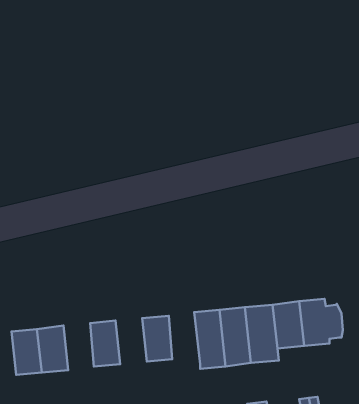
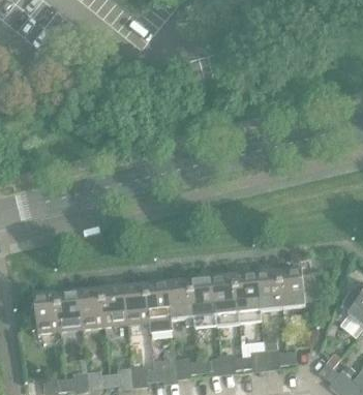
building: none -> [168,279,194,325]
building: none -> [122,284,149,324]
building: none -> [78,288,103,329]

